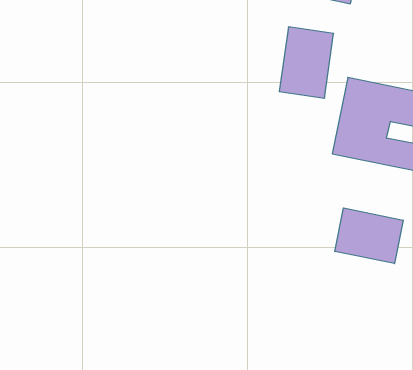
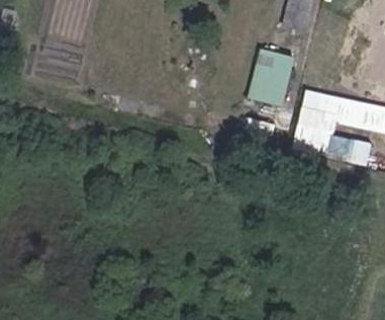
building: [335,208,403,264] -> none

